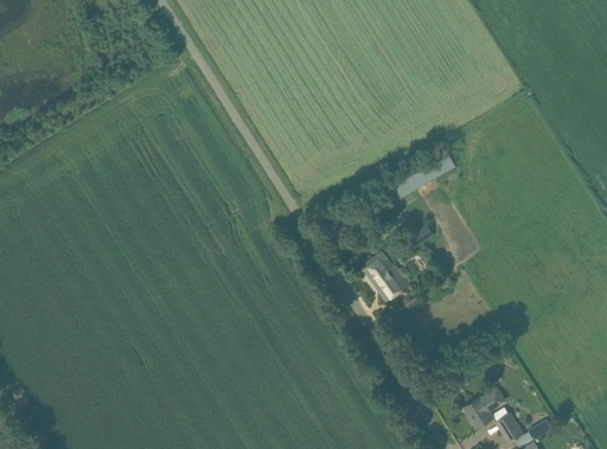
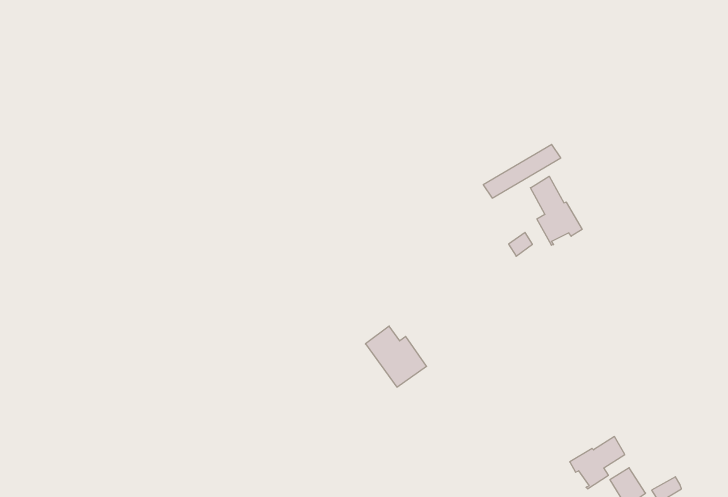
building: none -> [530,176,582,245]
building: [360,252,409,301] -> [365,326,427,387]

